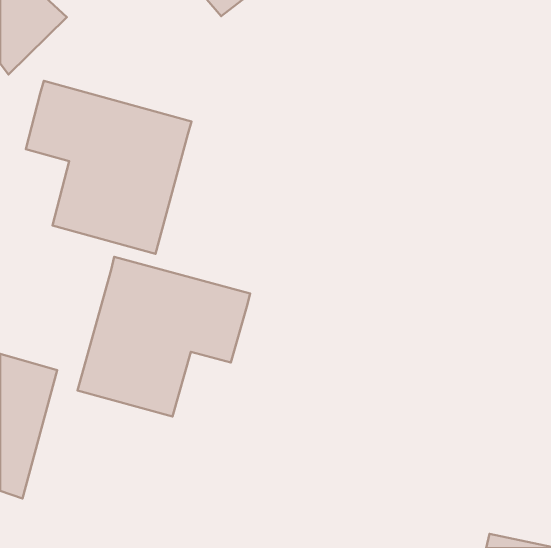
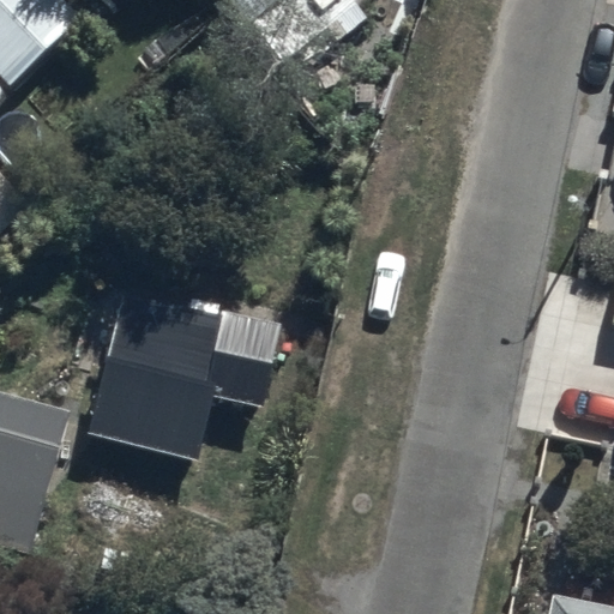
building: [26,81,192,254] -> none

